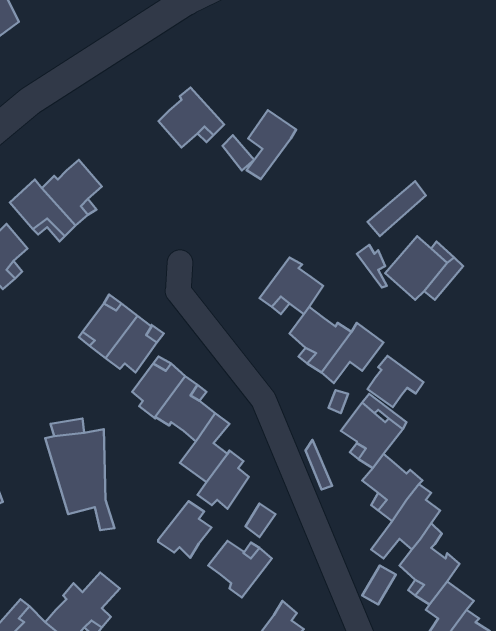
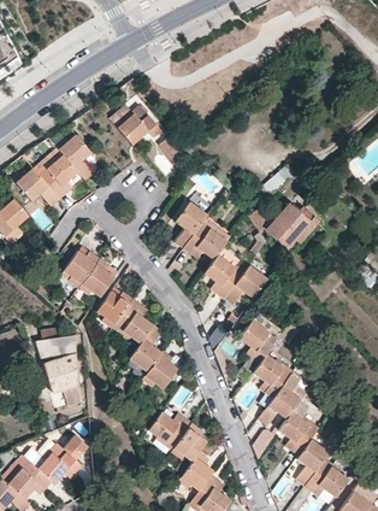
building: [247,110,296,179] -> [173,200,207,247]
building: none -> [57,133,91,180]
building: [367,356,423,407] -> none
building: [158,501,211,558] -> [171,424,207,463]

